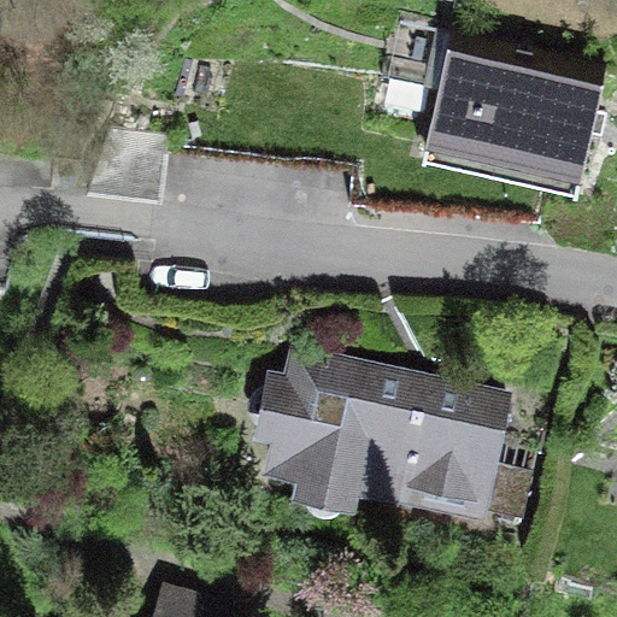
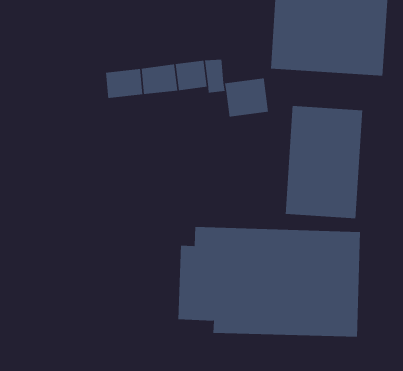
building: none -> [285,105,363,219]

